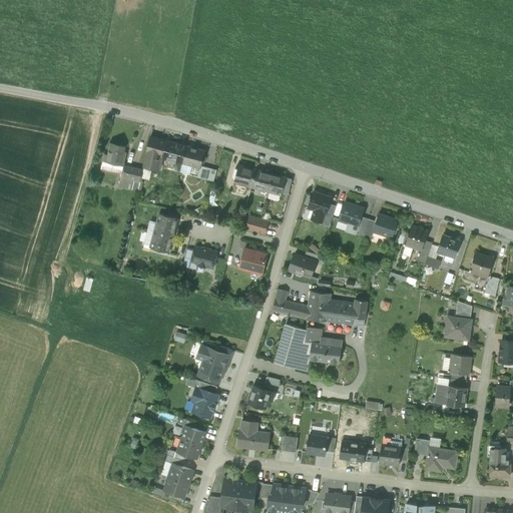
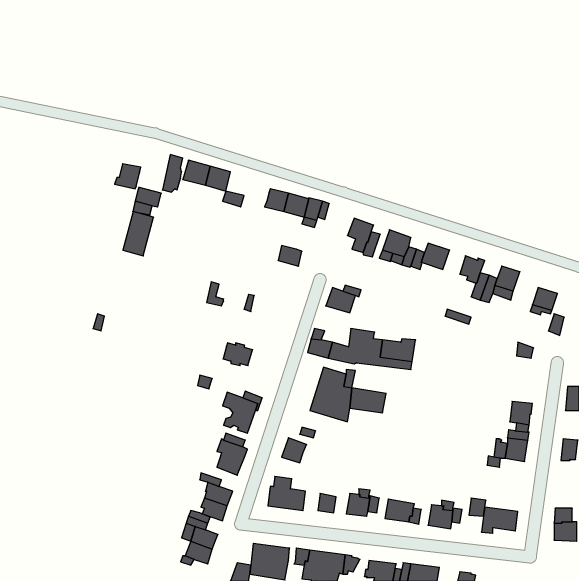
building: [149,213,176,252] -> [123,212,154,256]
building: [190,247,216,268] -> [223,343,253,366]
building: [241,249,266,275] -> none
building: [445,316,471,339] -> none

